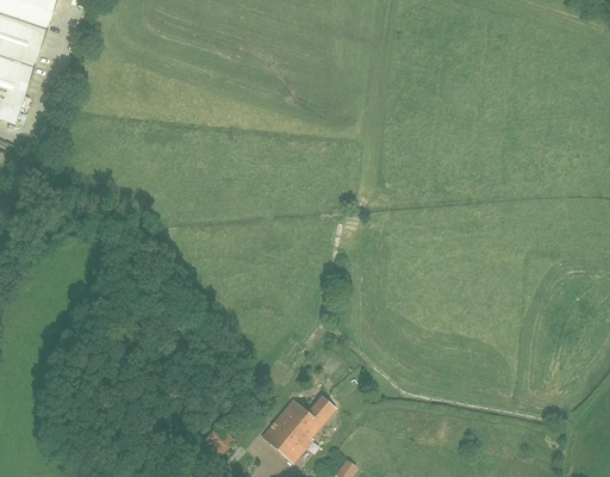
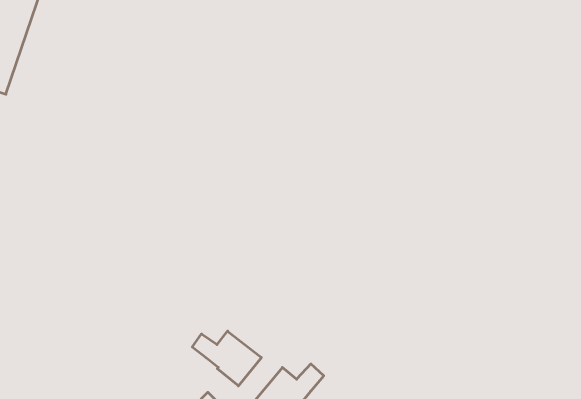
building: none -> [192,331,261,386]

